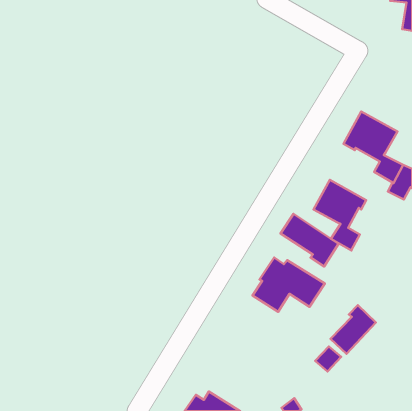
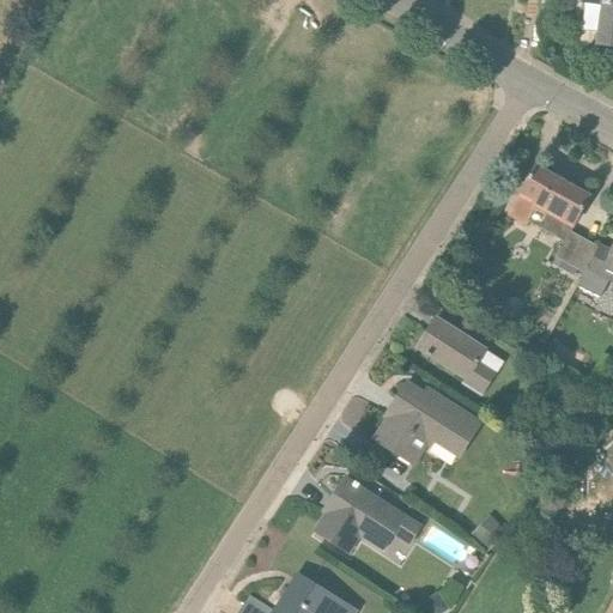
building: [313,180,366,251] -> none
building: [331,305,376,354] -> none
building: none -> [314,477,421,550]

